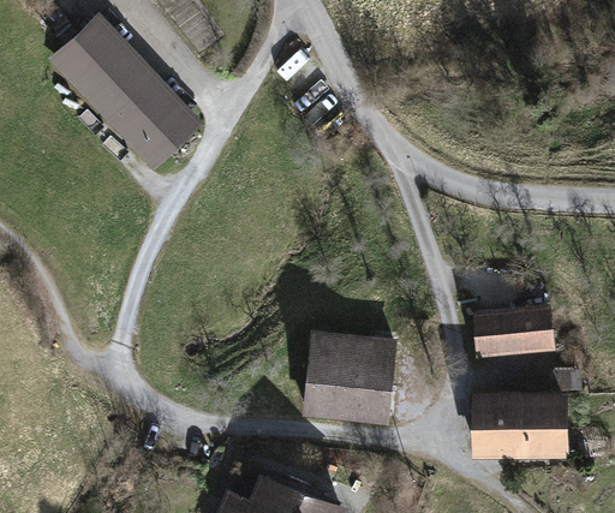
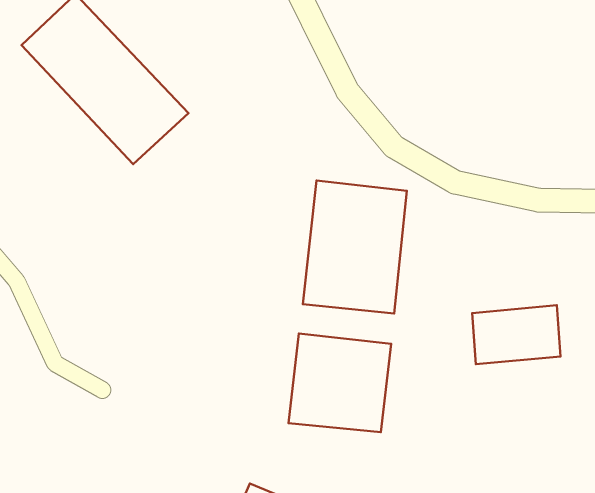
building: none -> [303,181,407,314]
building: [470,388,567,458] -> none

